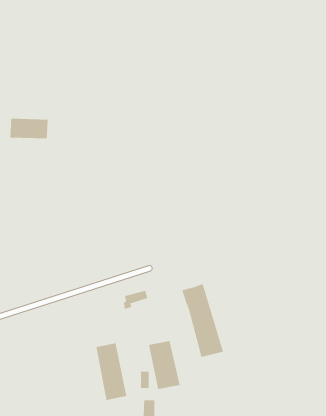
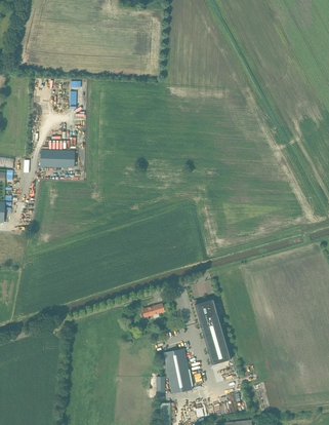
building: [96,343,127,401] -> none

